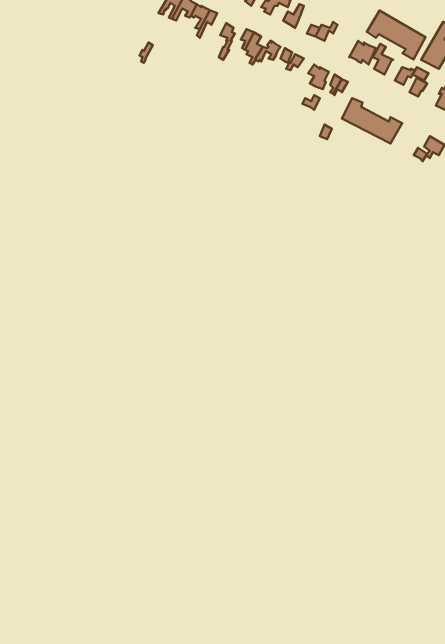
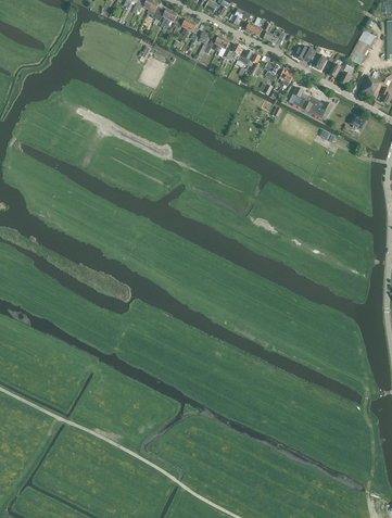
building: [367,10,425,60] -> none

